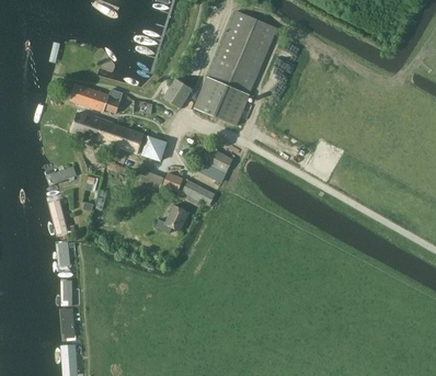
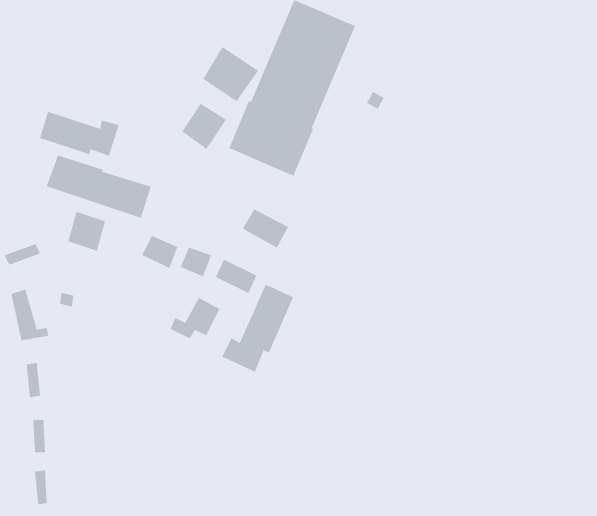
building: none -> [203,46,259,102]
building: [141,133,167,159] -> [67,211,106,251]
building: none -> [221,284,294,372]

